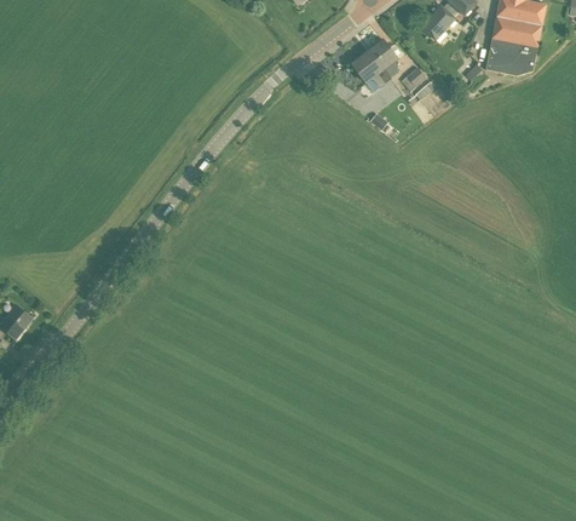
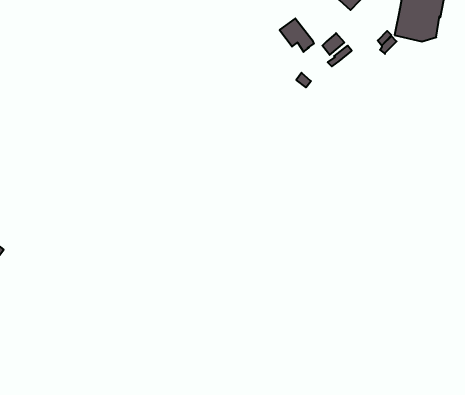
building: [370,38,398,75] -> none

